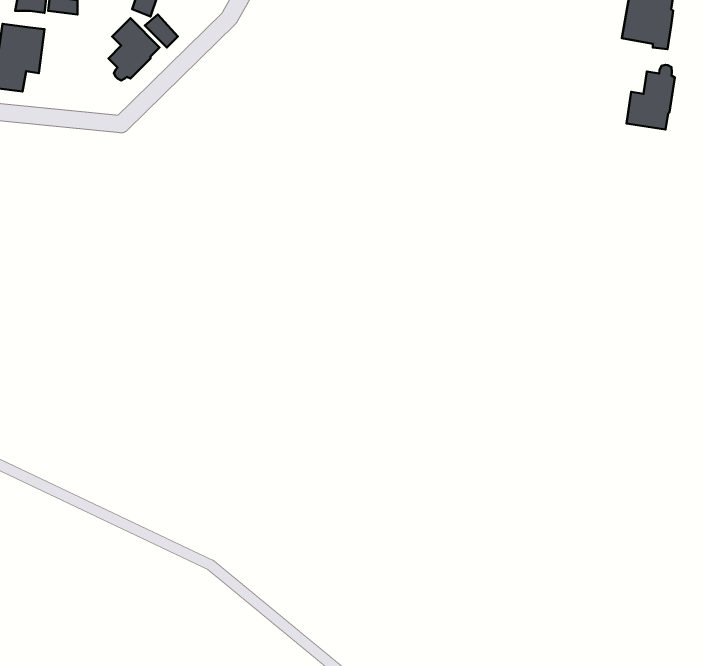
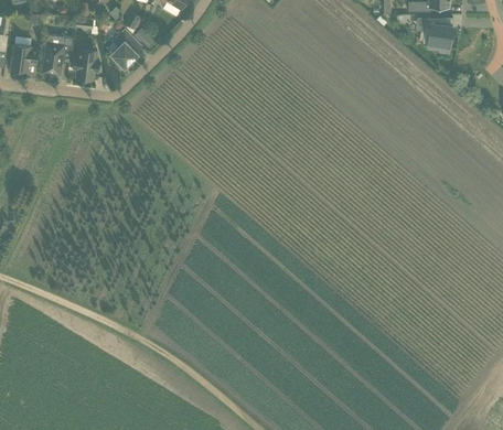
building: none -> [73,46,99,78]
building: [626,65,675,129] -> none

